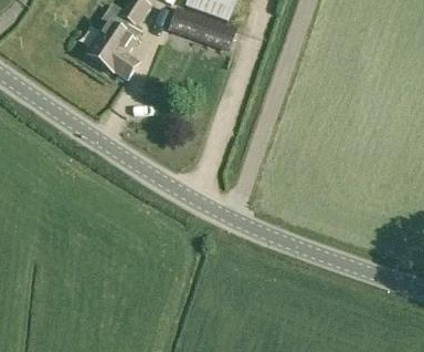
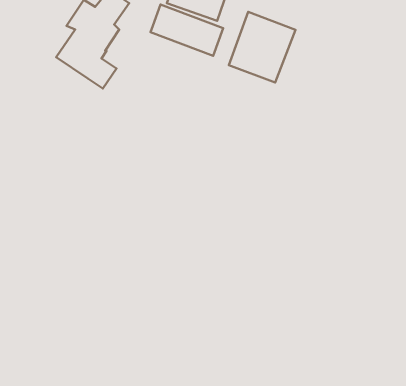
building: none -> [229,12,296,82]

